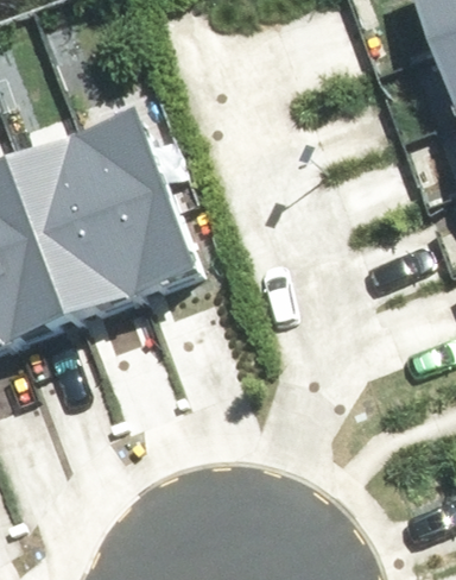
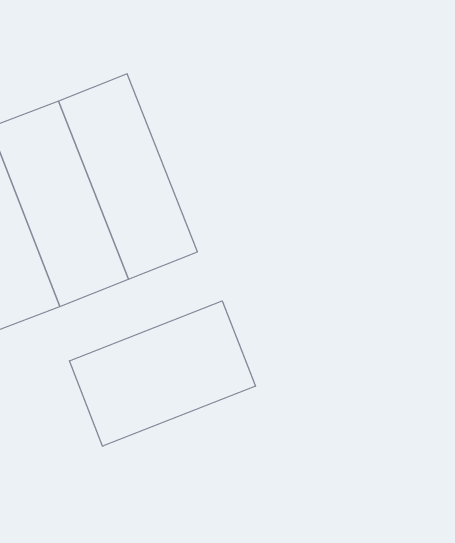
building: none -> [69,301,255,446]

